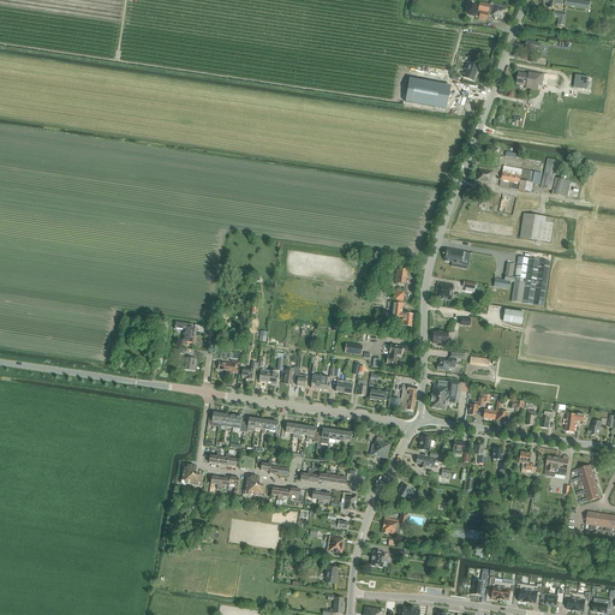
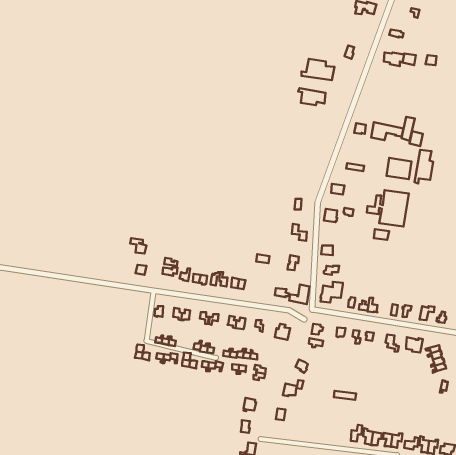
building: none -> [298,88,326,105]
building: none -> [415,150,433,183]

